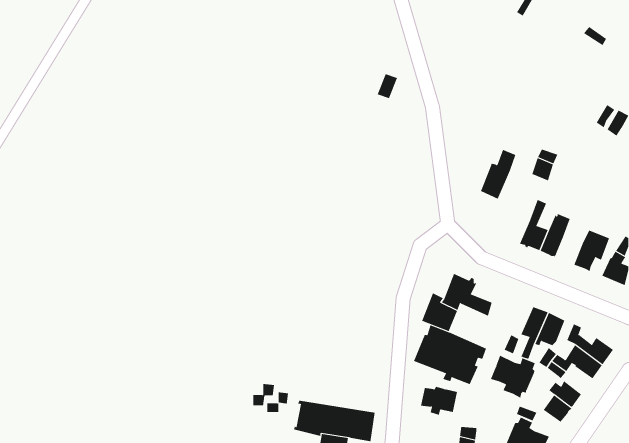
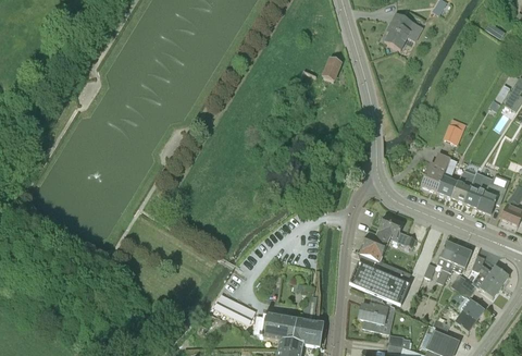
building: none -> [384,12,423,49]
building: [480,149,516,199] -> [421,152,449,192]
building: none -> [463,171,490,208]
building: [490,355,535,399] -> none

